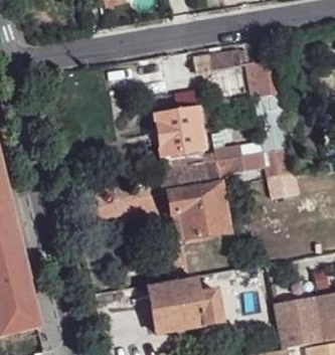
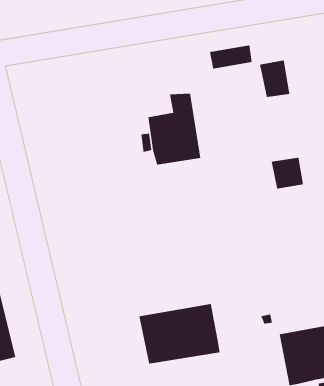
building: [161,156,246,243] -> none

